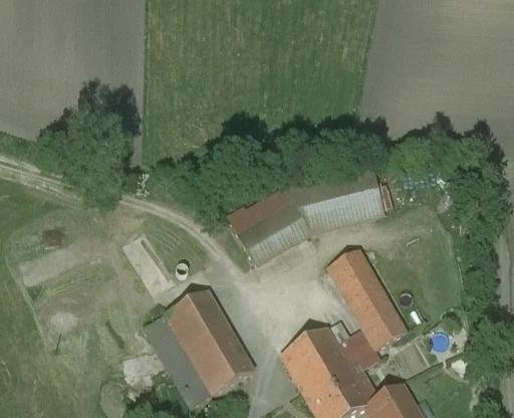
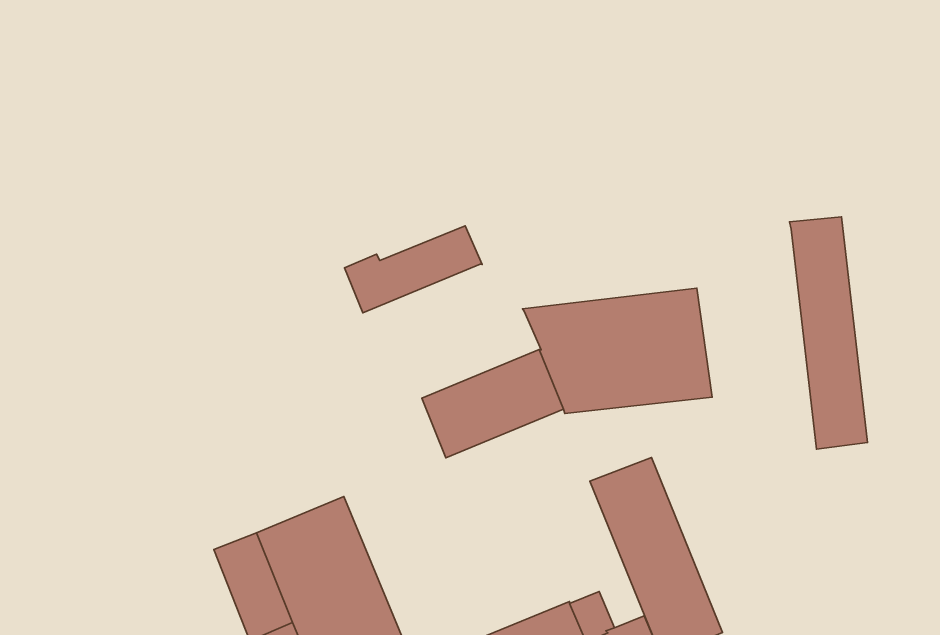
building: none -> [789,217,868,449]
building: [227,184,295,234] -> [345,226,482,313]

